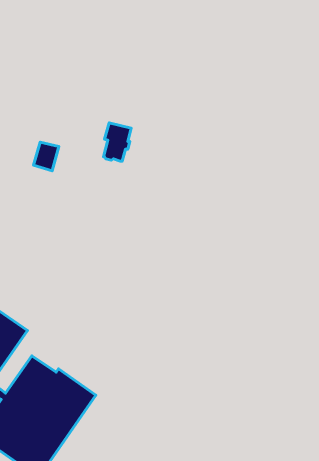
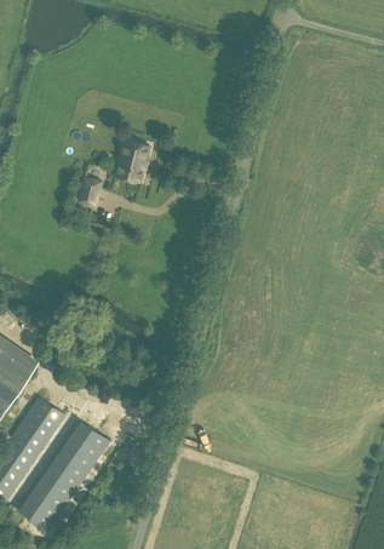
building: [34,142,59,171] -> [76,175,104,206]

